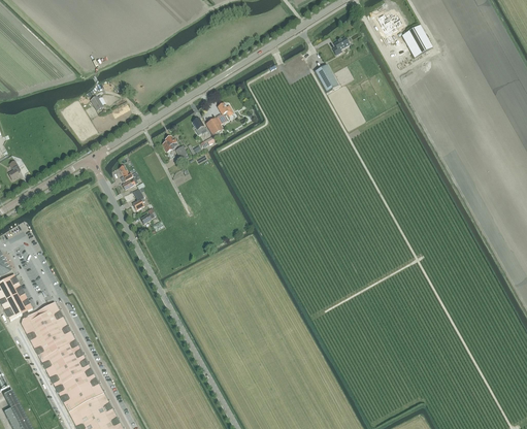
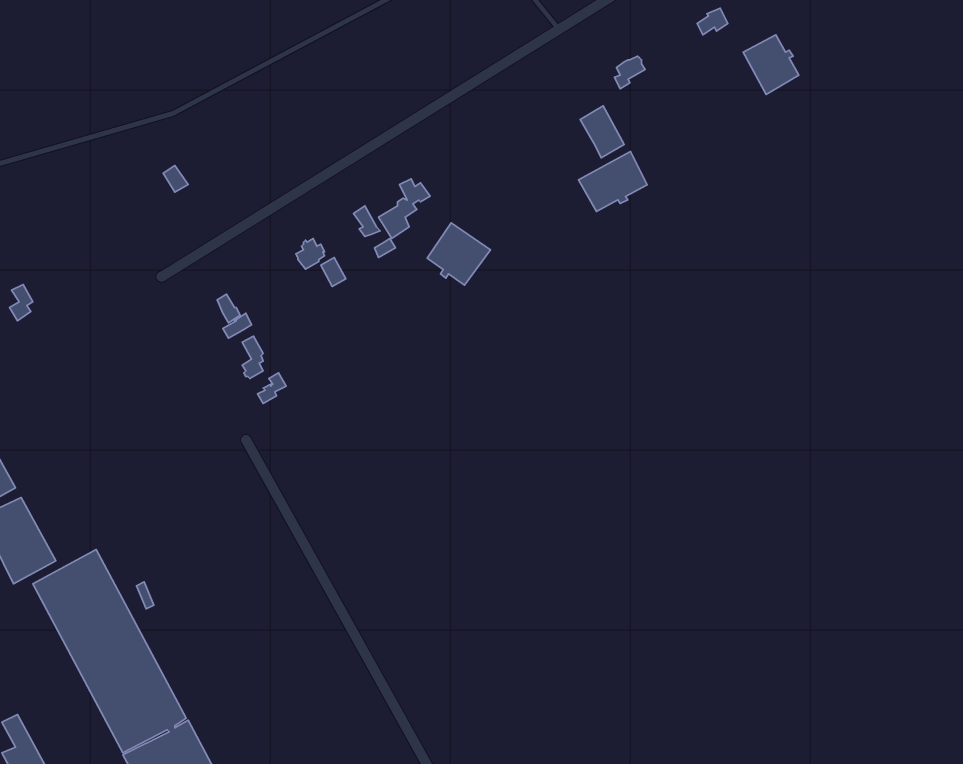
building: none -> [579,151,647,212]
building: none -> [427,223,491,285]

